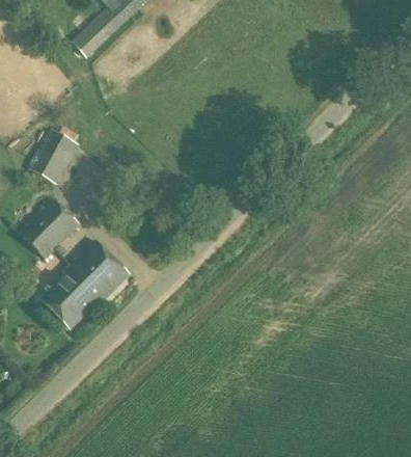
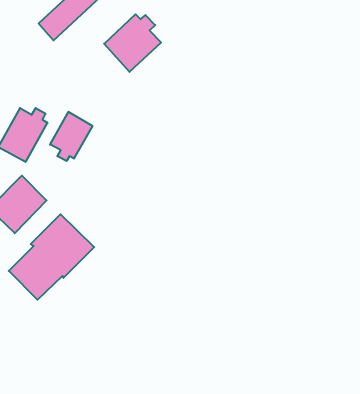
building: none -> [104,14,161,72]
building: none -> [50,112,92,161]

